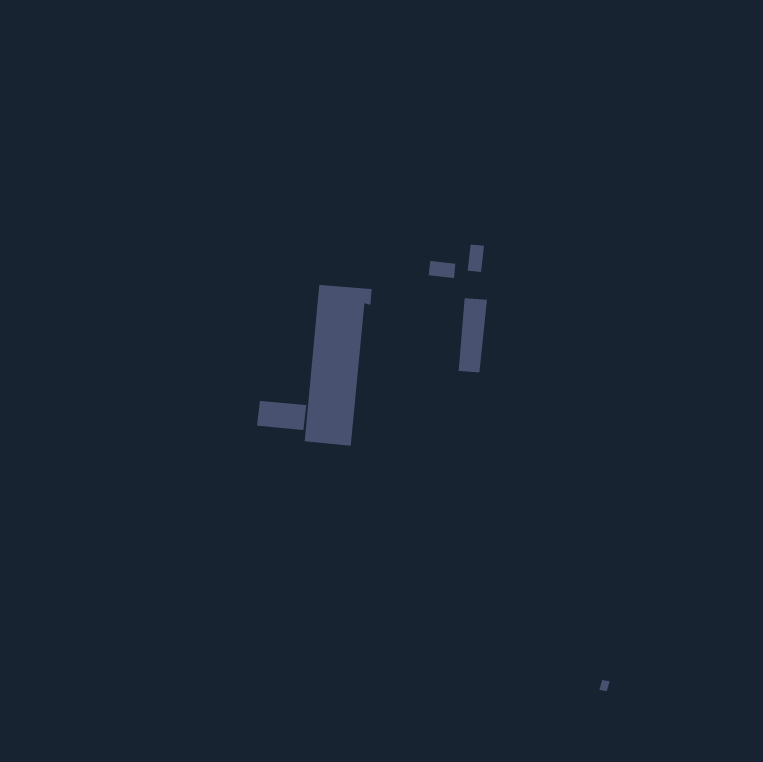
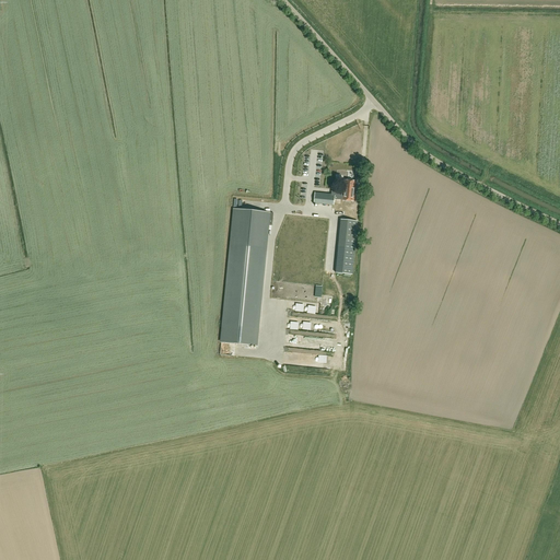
building: [256,400,307,430] -> [220,323,257,345]

